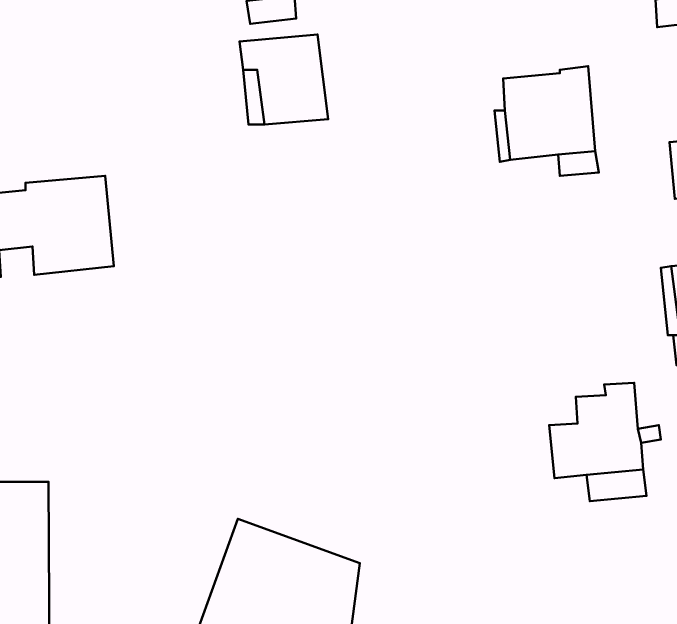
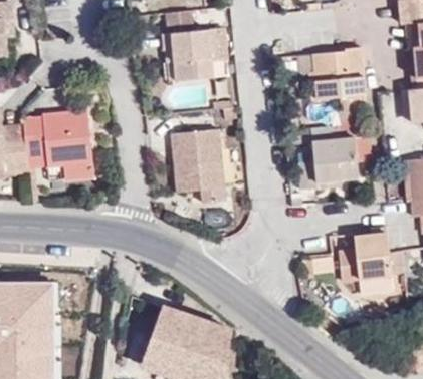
building: none -> [174,129,227,204]
building: none -> [298,136,360,191]

